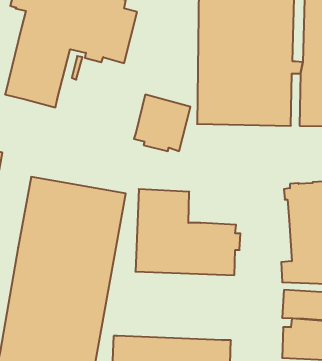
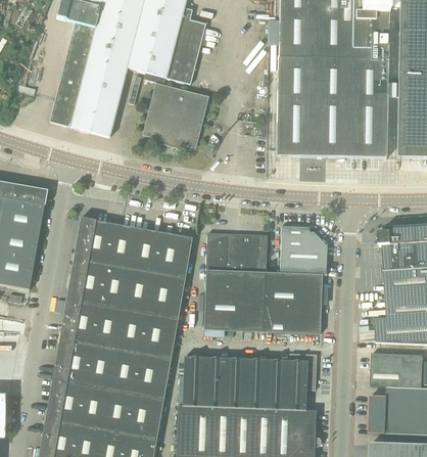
building: [134,95,190,151] -> [142,83,208,149]
building: none -> [280,227,327,275]
building: none -> [182,354,316,411]

